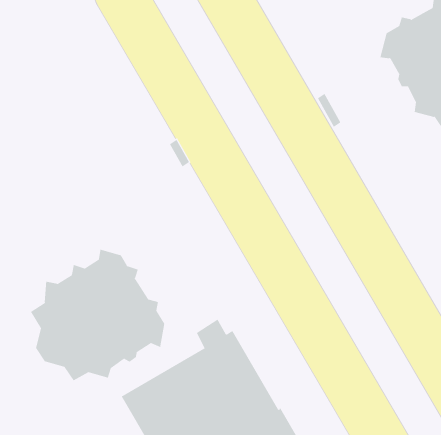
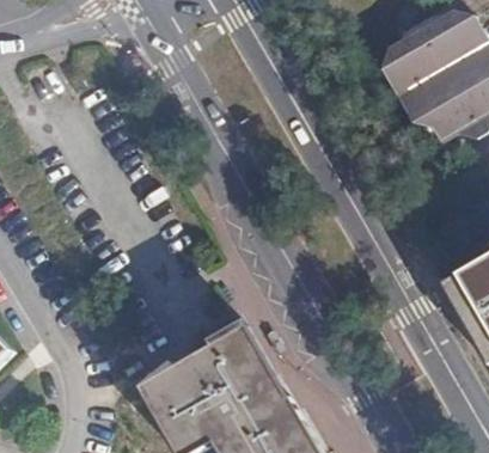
building: [30,249,165,381] -> none

